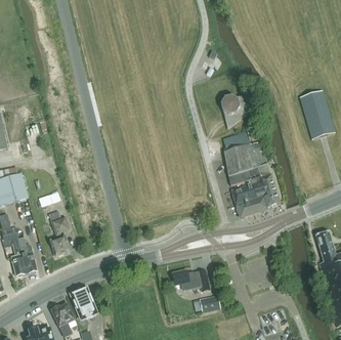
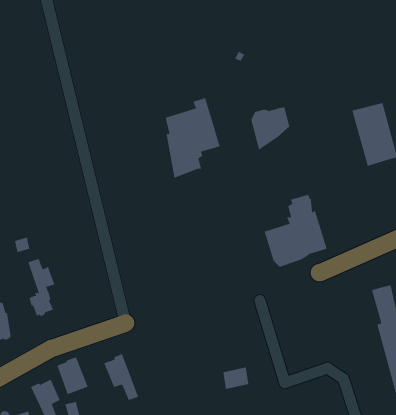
building: [223,123,266,185] -> [165,97,220,178]
building: [173,269,210,291] -> none
building: none -> [104,353,139,401]

